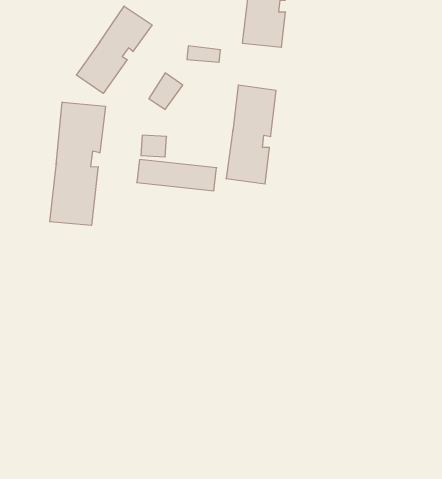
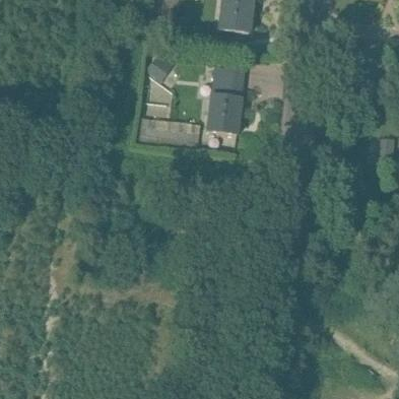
building: [76,6,152,93] -> none
building: [50,102,105,225] -> none

